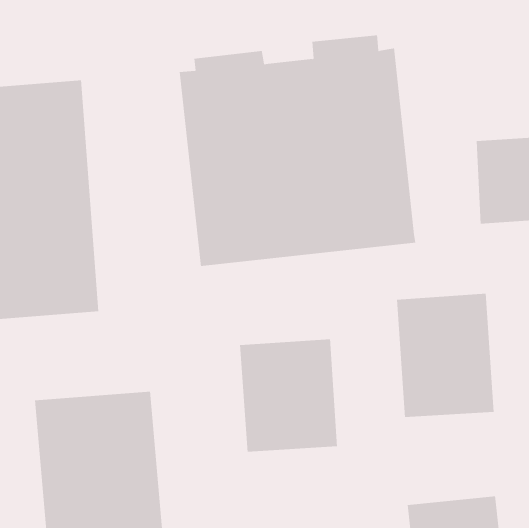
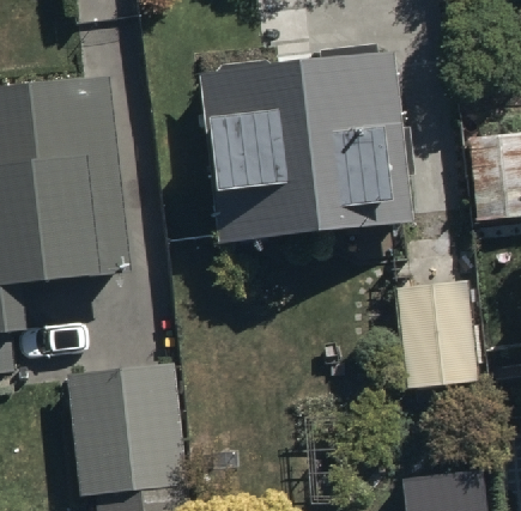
building: [239,339,337,453] -> none

